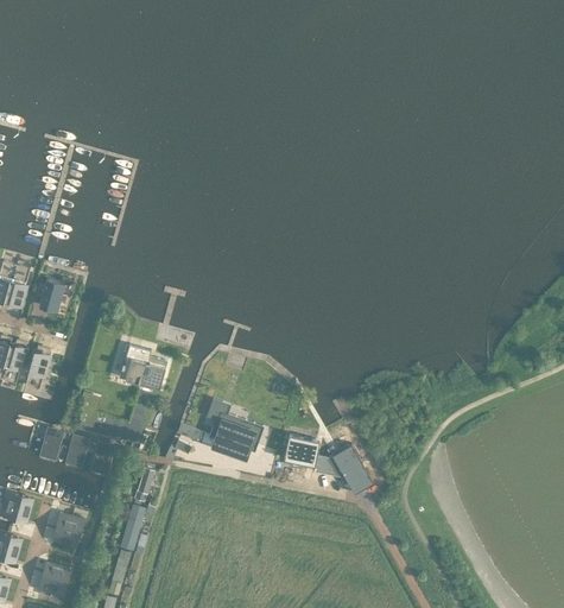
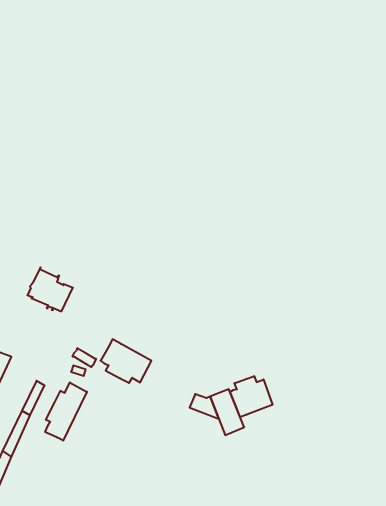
building: none -> [230,376,273,417]
building: [284,435,313,468] -> none
building: none -> [45,382,87,441]

